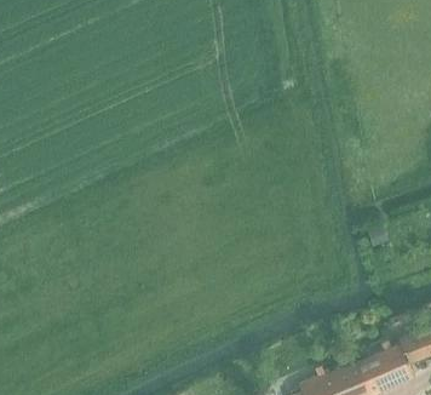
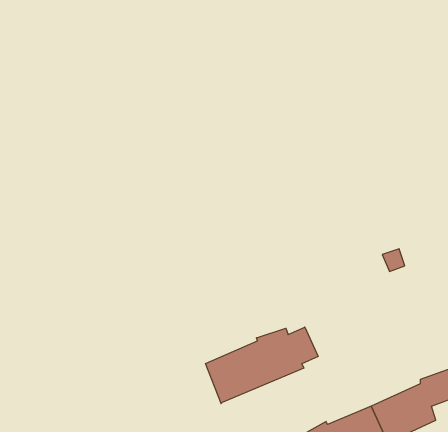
building: none -> [205,327,318,404]

